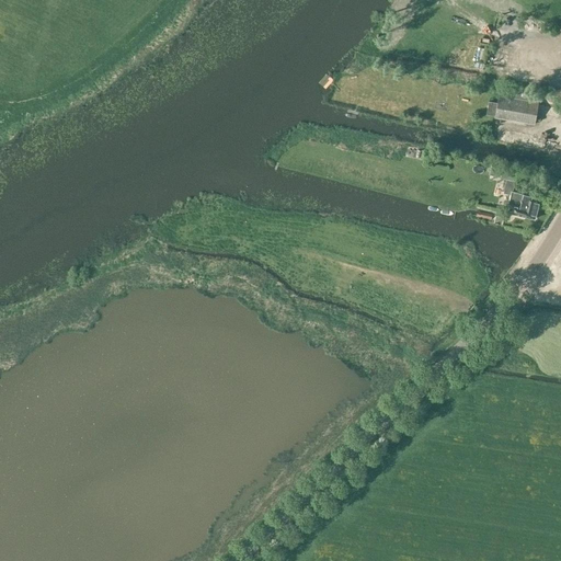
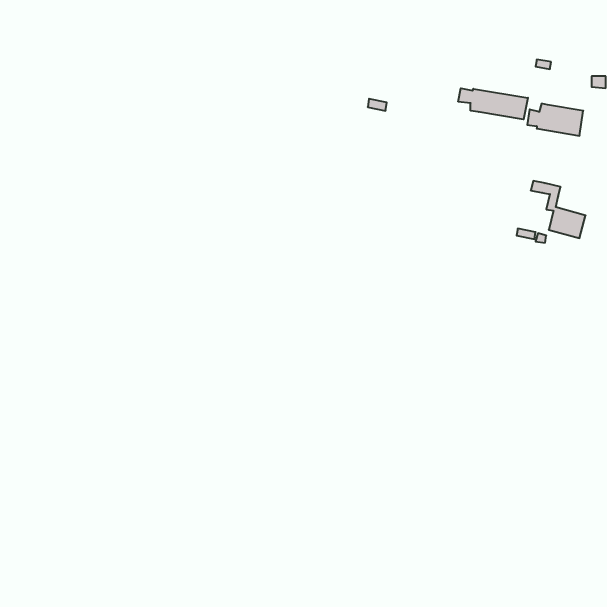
building: none -> [458,88,528,119]

